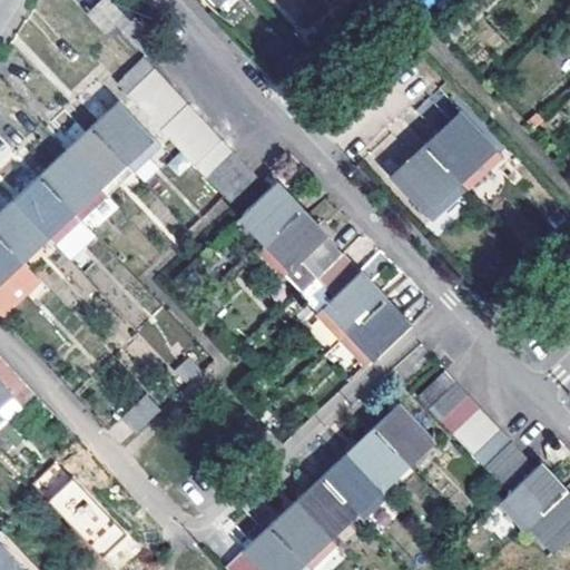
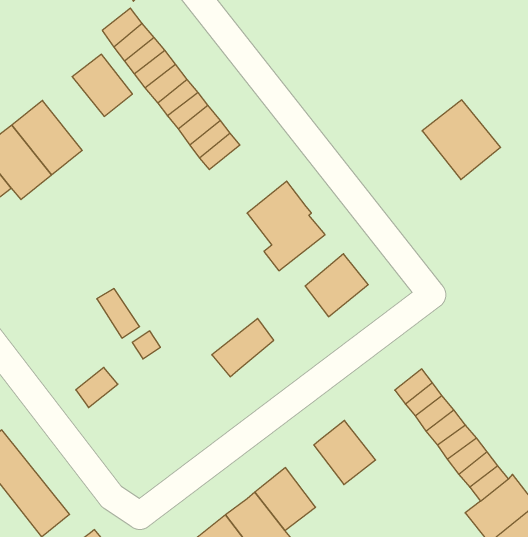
building: [67,127,135,195] -> none
building: [391,149,464,224] -> none
building: [243,181,302,240] -> none
building: [302,254,358,311] -> [212,318,274,377]
building: [352,297,411,357] -> none
building: [375,402,434,461] -> none
building: [324,452,380,510] -> none

